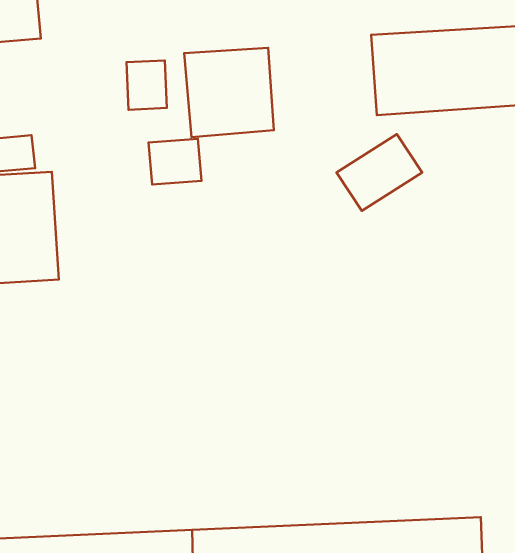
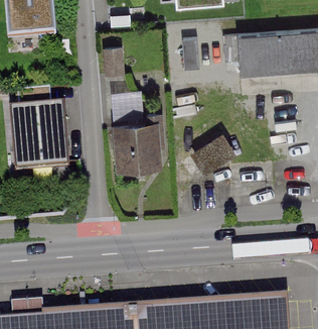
building: [184,48,274,137] -> [112,122,161,172]
building: [336,134,422,211] -> [189,133,236,176]

